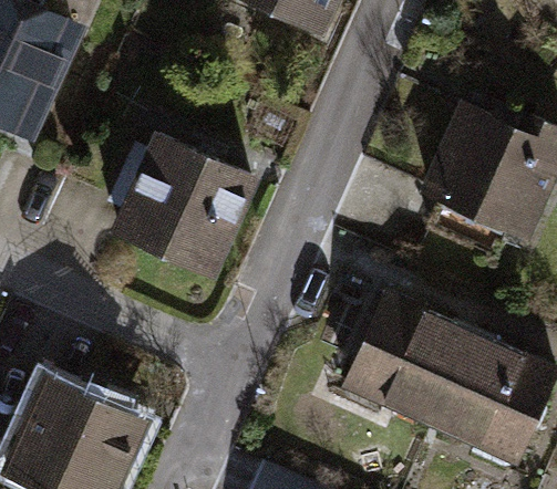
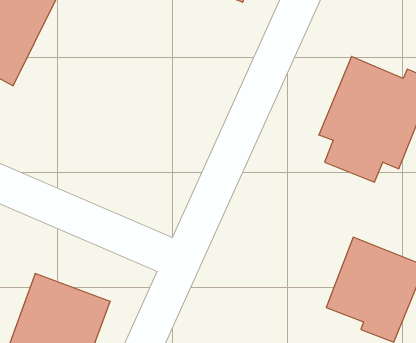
building: [111,126,255,264] -> none
building: [339,299,467,425] -> none

